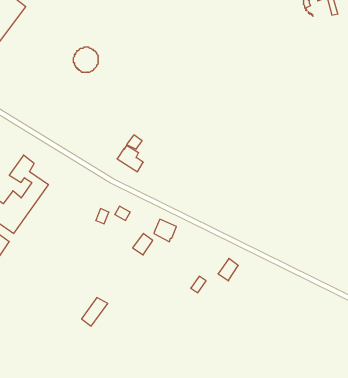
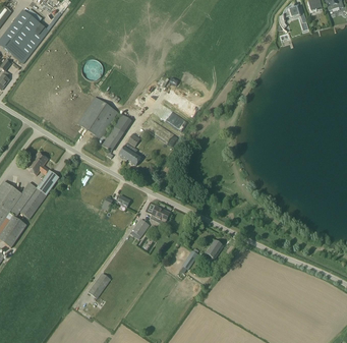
building: none -> [77,96,124,151]

